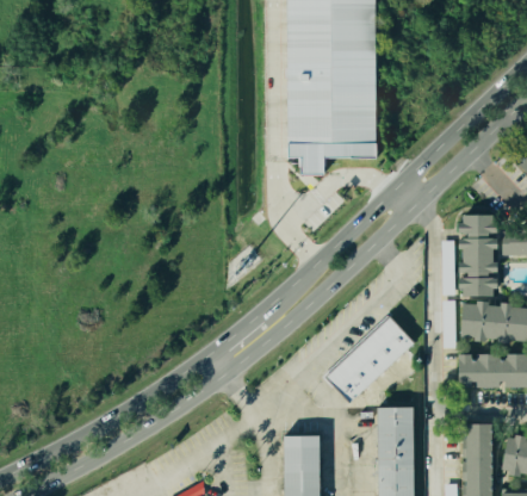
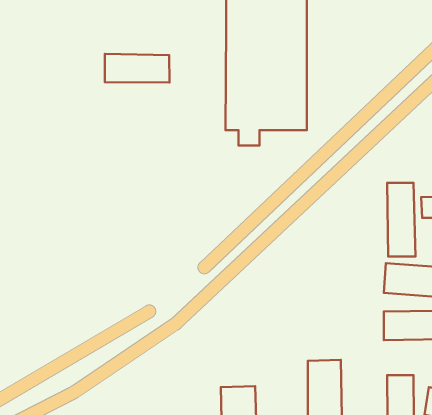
building: none -> [105,54,169,83]
building: [324,317,414,404] -> none

